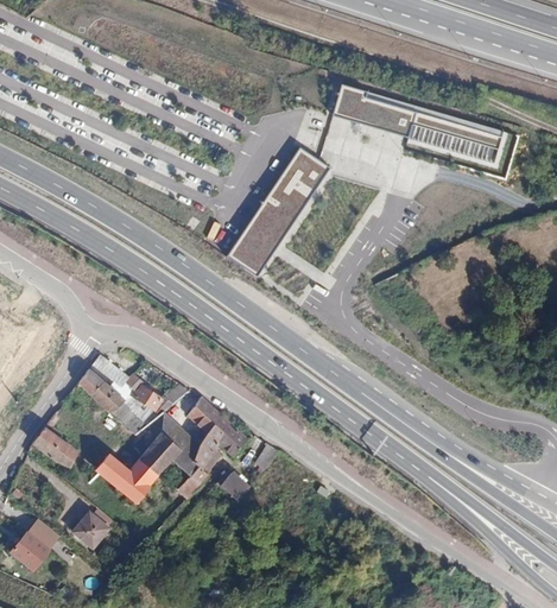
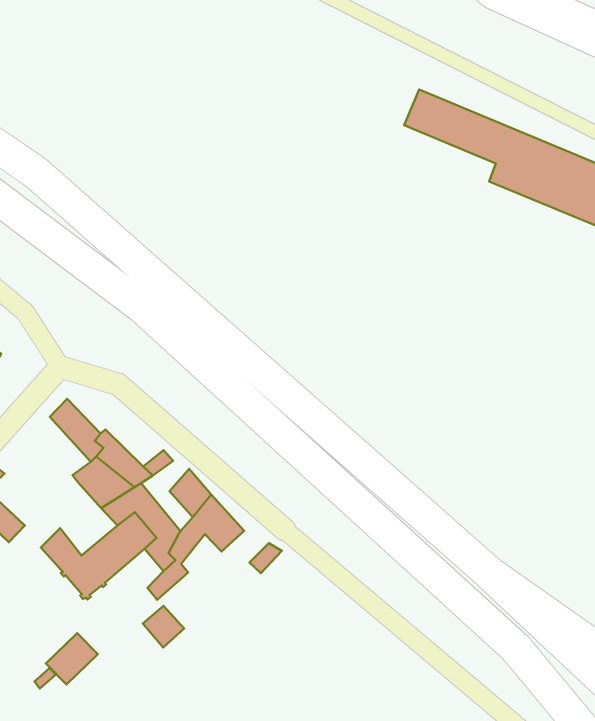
building: [227,147,330,274] -> none
building: [78,368,125,411] -> none
building: [219,470,251,502] -> [143,606,184,648]
building: [75,507,114,547] -> [46,633,98,685]

